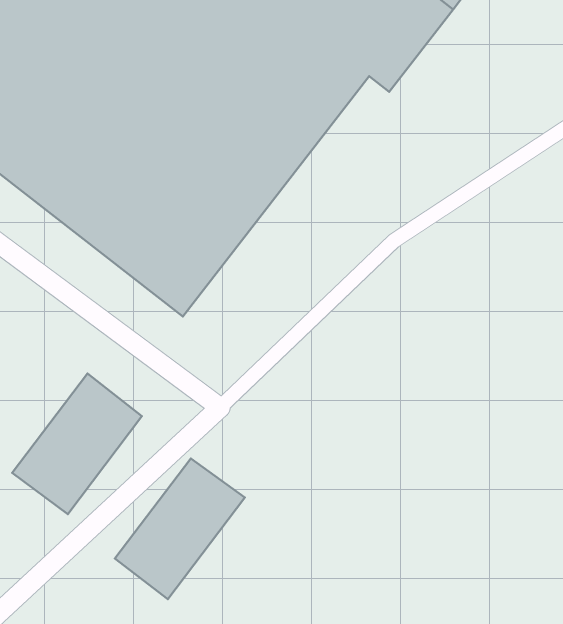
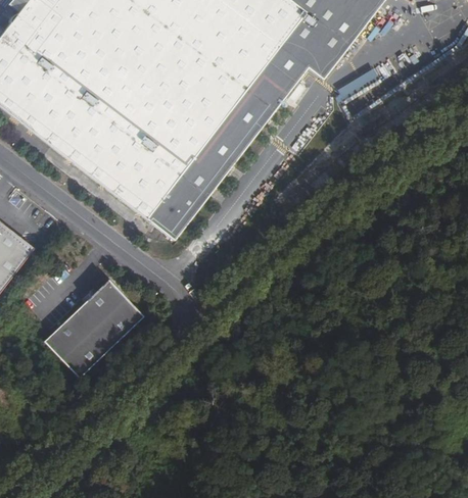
building: [115,459,245,599] -> none

